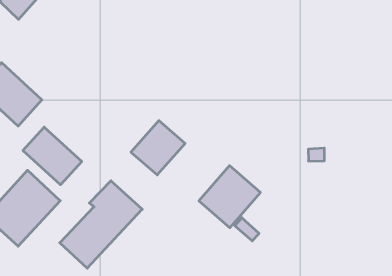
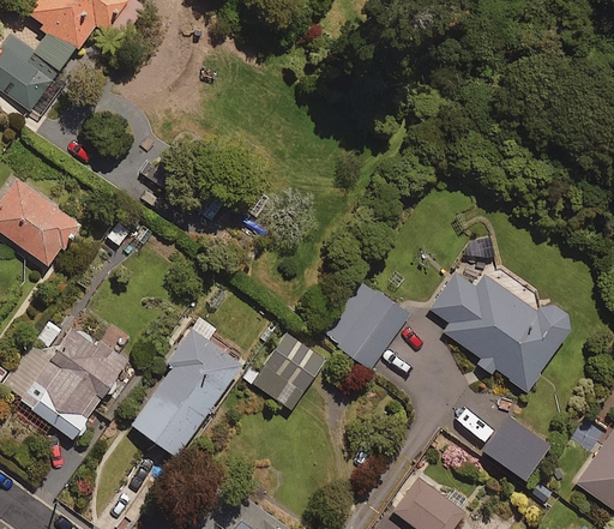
building: [131,121,185,175] -> [249,332,325,410]
building: [23,127,82,185] -> none
building: none -> [429,273,574,392]

